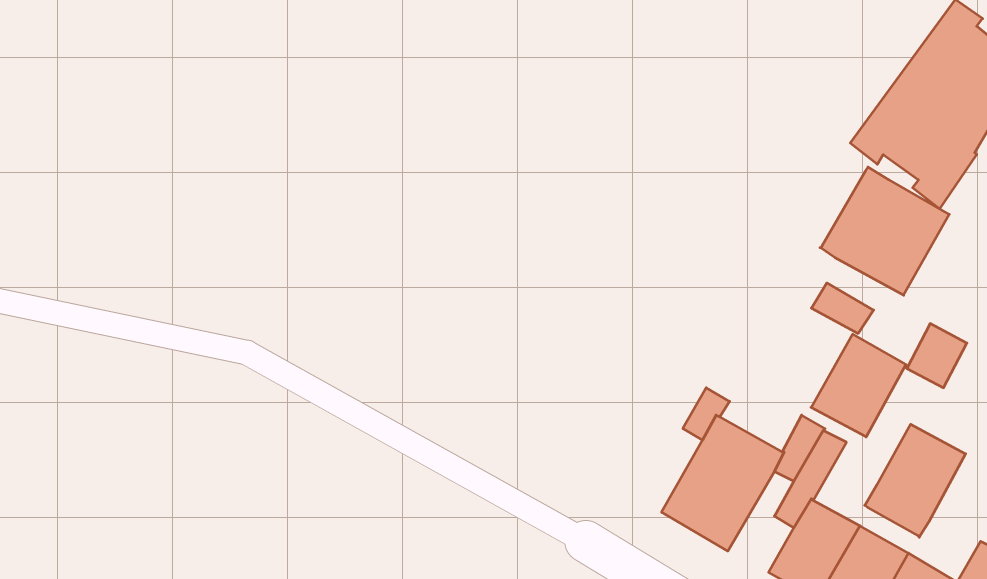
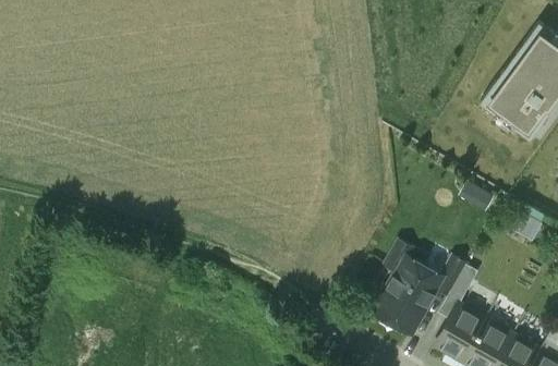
building: [820,167,949,295] -> none
building: [811,334,906,437] -> none
building: [865,424,966,537] -> none

